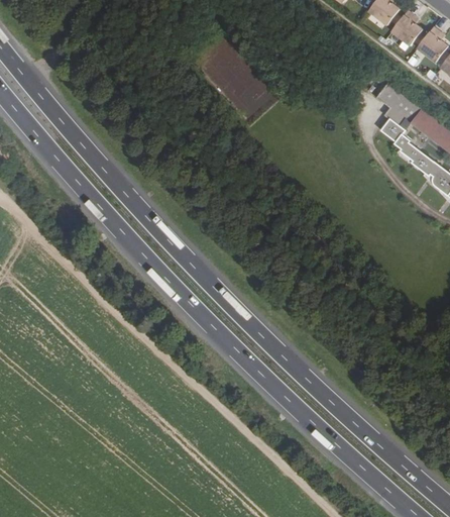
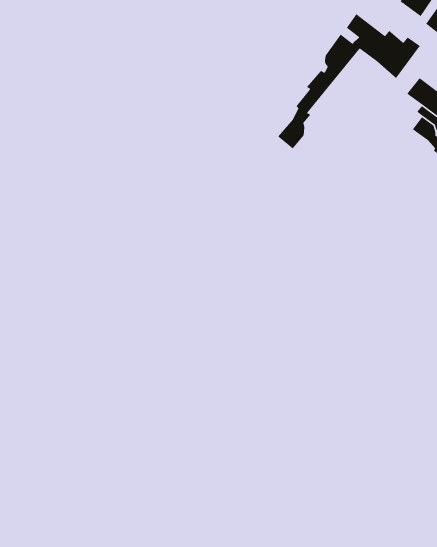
building: none -> [277,13,421,149]

